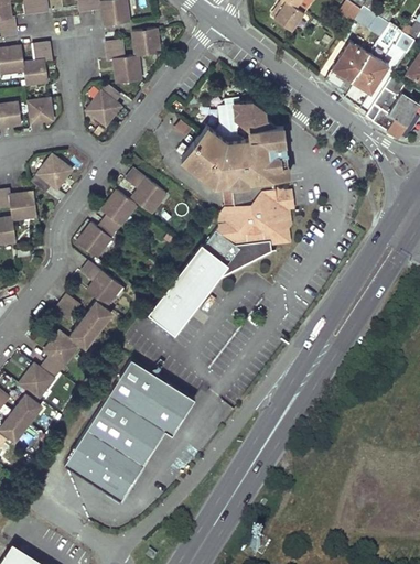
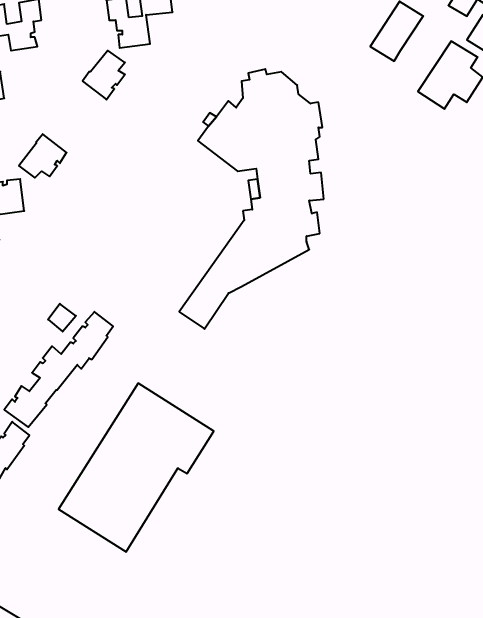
building: [349,55,387,96] -> none
building: [28,97,53,121] -> none
building: [126,167,166,212] -> none
building: [77,191,136,256] -> none
building: [82,262,121,304] -> none
building: [154,280,217,335] -> none

